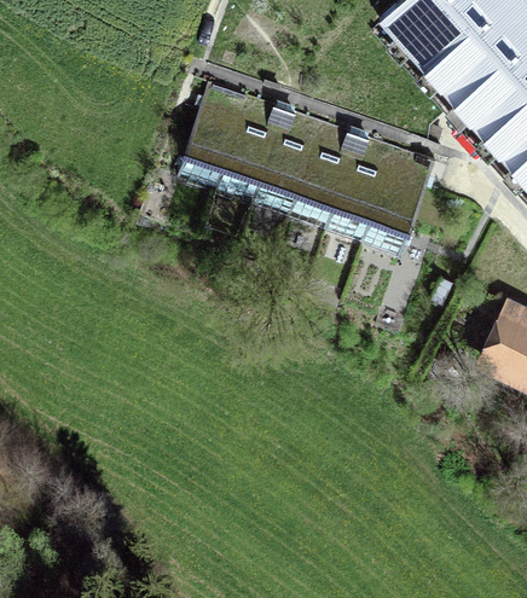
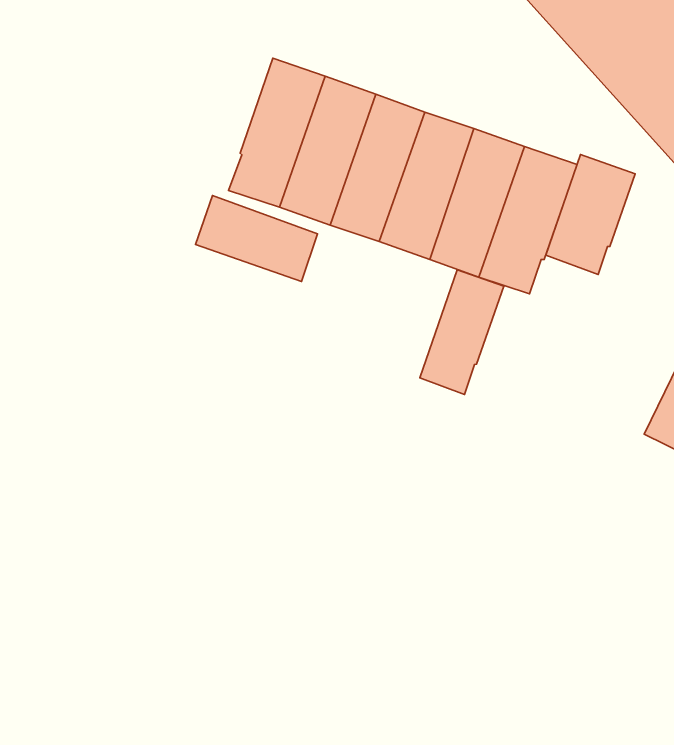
building: none -> [546,155,635,274]
building: none -> [196,195,317,282]
building: none -> [420,270,504,394]

